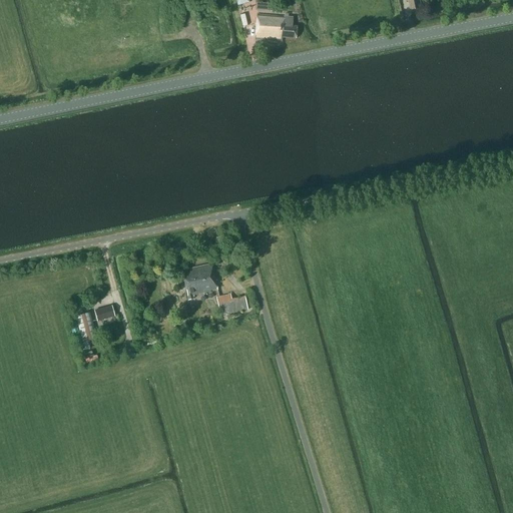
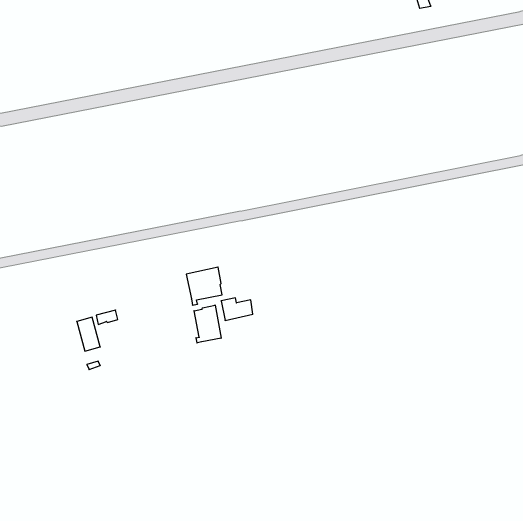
building: [255,12,298,40] -> none
building: none -> [194,305,221,343]

